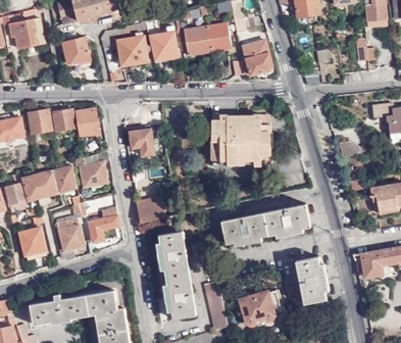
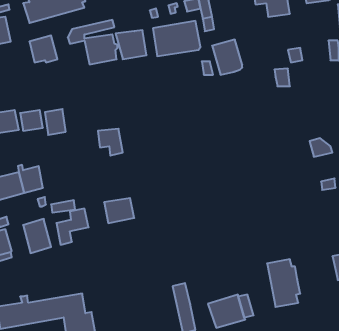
building: [214,115,273,164] -> none
building: [81,147,108,186] -> none
building: [220,205,310,245] -> none
building: [156,231,194,317] -> none

